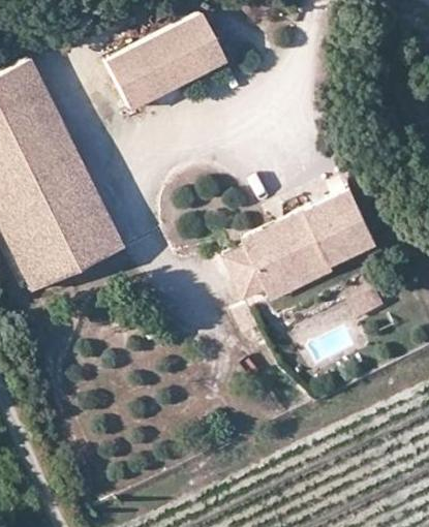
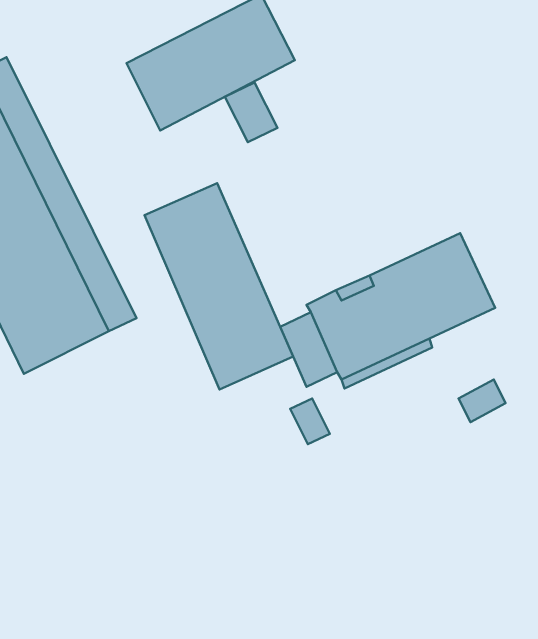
building: none -> [225,82,278,142]
building: none -> [144,183,293,390]

